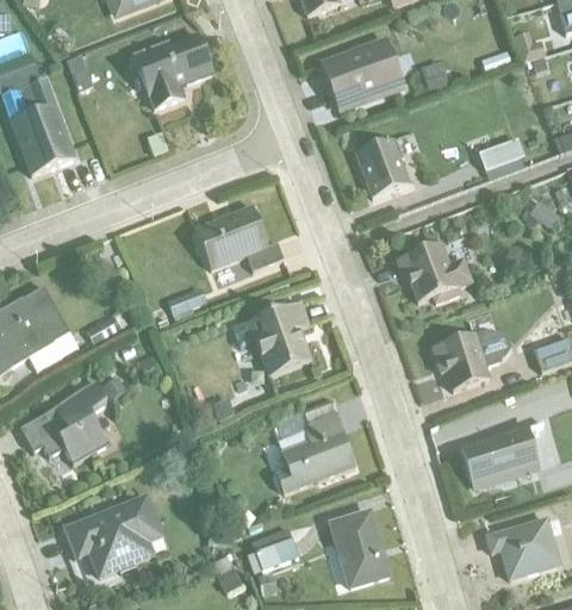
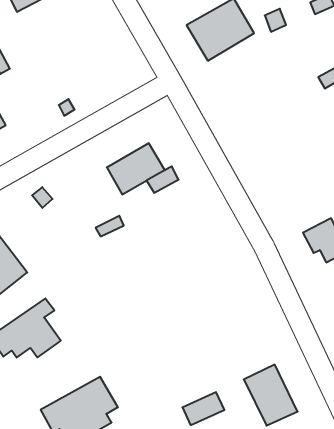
building: [136,33,216,110] -> none
building: [355,142,409,198] -> none
building: [403,244,456,300] -> none
building: [249,305,310,374] -> none
building: [273,404,355,488] -> none

